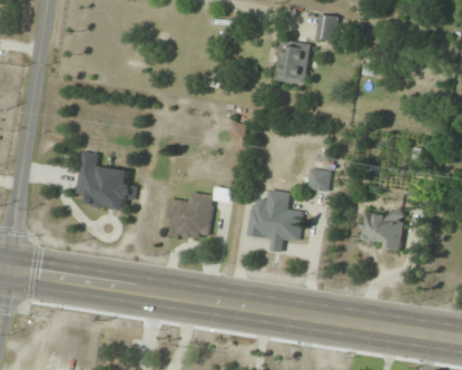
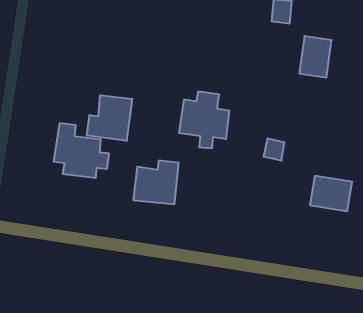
building: [275,39,311,85] -> [299,36,332,77]
building: none -> [87,95,132,141]
building: [247,189,303,252] -> [179,92,229,148]

